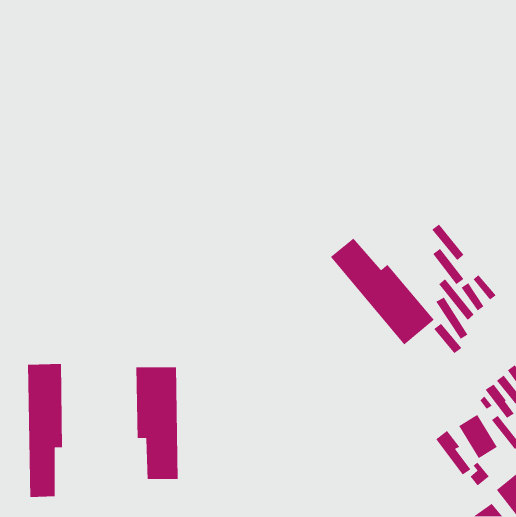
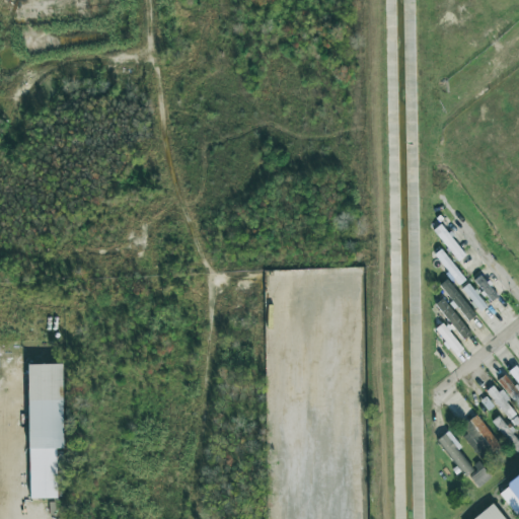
building: [330,238,435,345] -> none
building: [135,367,179,480] -> none

